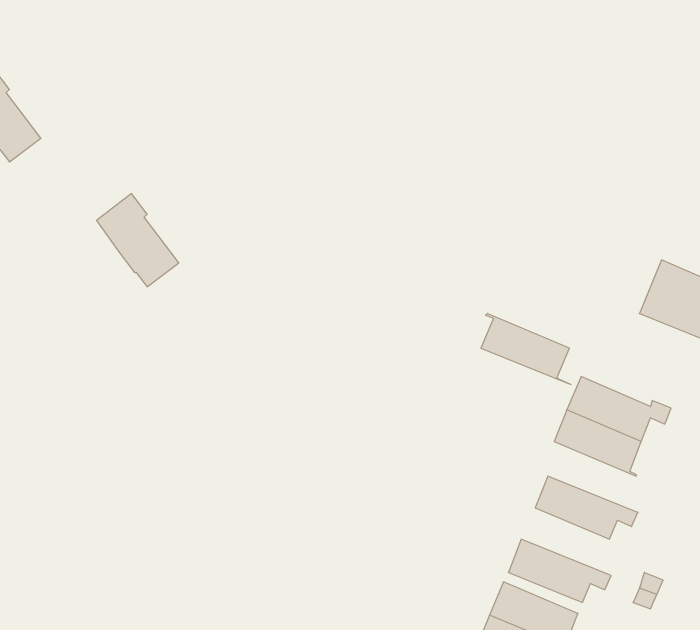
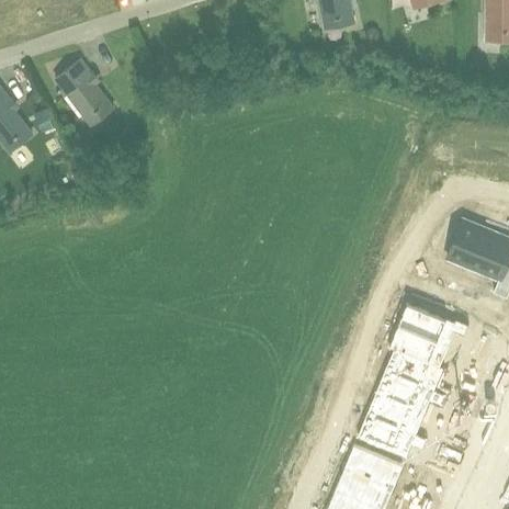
building: [97,194,179,287] -> [56,60,113,125]
building: [481,313,571,385] -> [384,346,446,395]
building: none -> [365,392,428,439]

